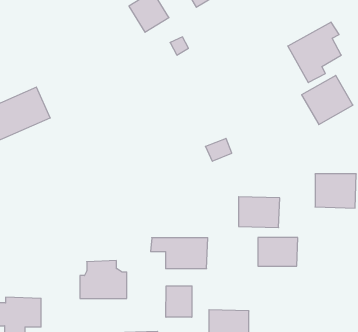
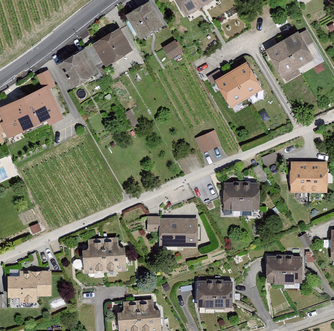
building: none -> [92,28,131,65]
building: none -> [58,48,98,84]
building: [302,75,353,125] -> [215,63,260,106]
building: [258,238,298,266] -> [267,257,302,282]
building: [166,286,192,317] -> none

